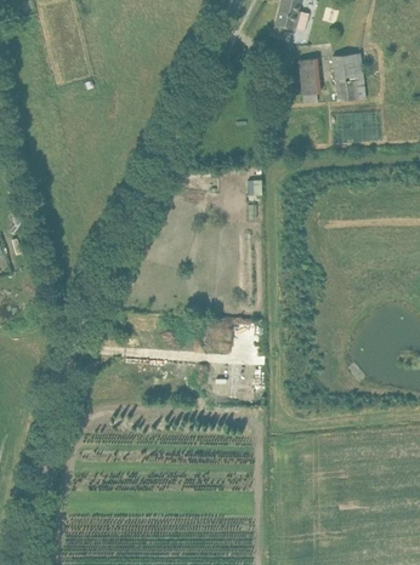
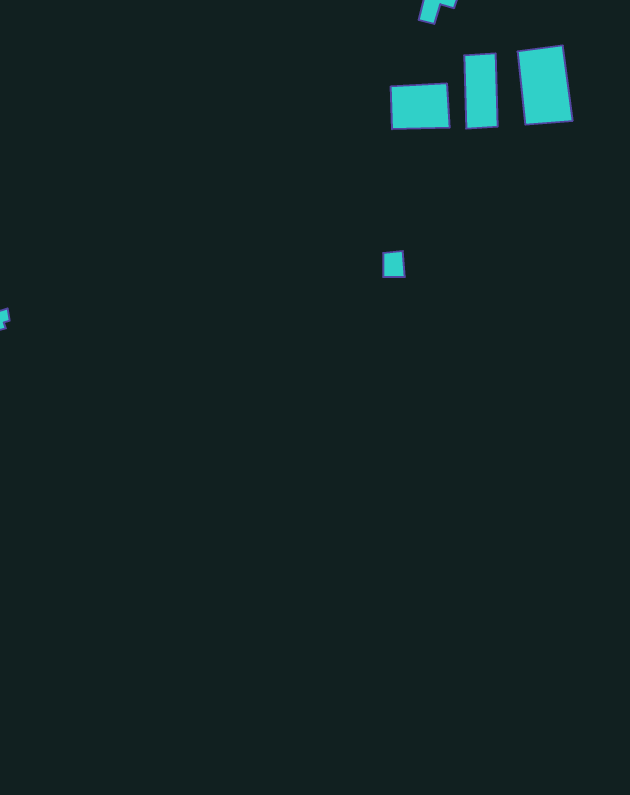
building: none -> [391,83,450,129]

